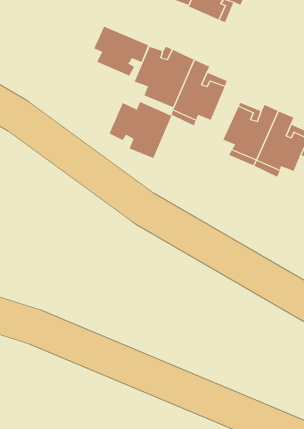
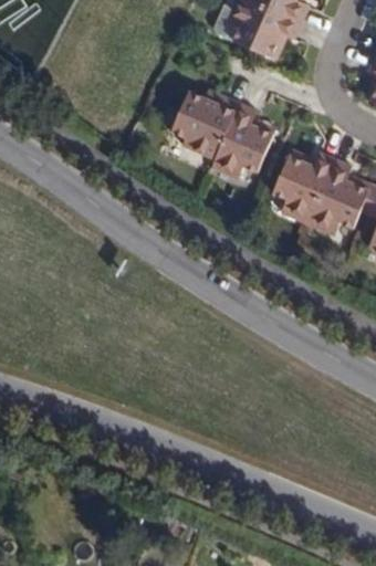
building: [94,26,149,77] -> none
building: [109,101,172,159] -> none

